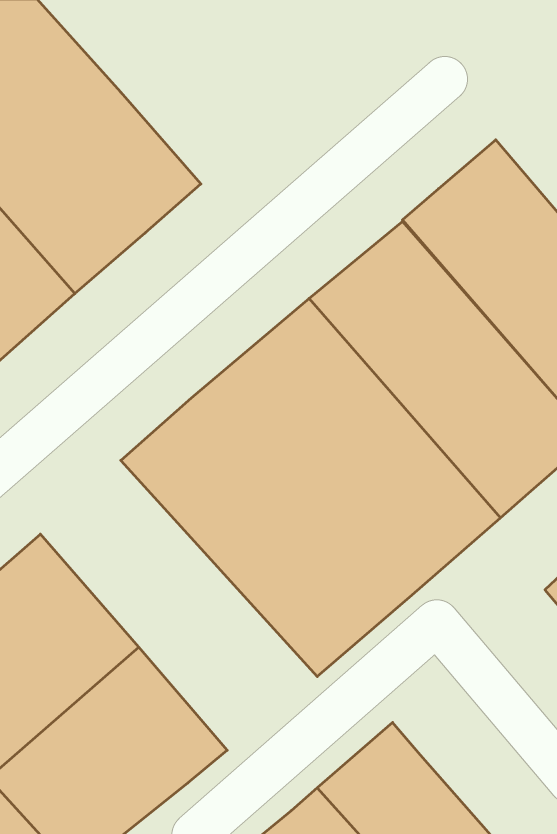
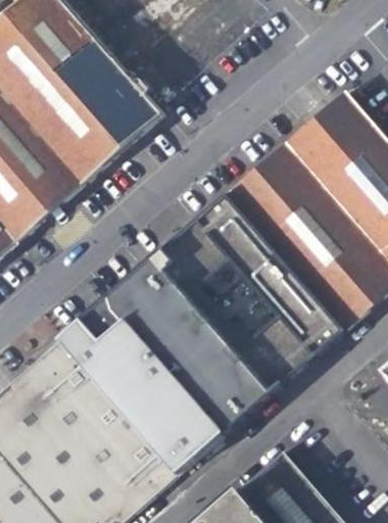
building: none -> [64,288,237,469]

